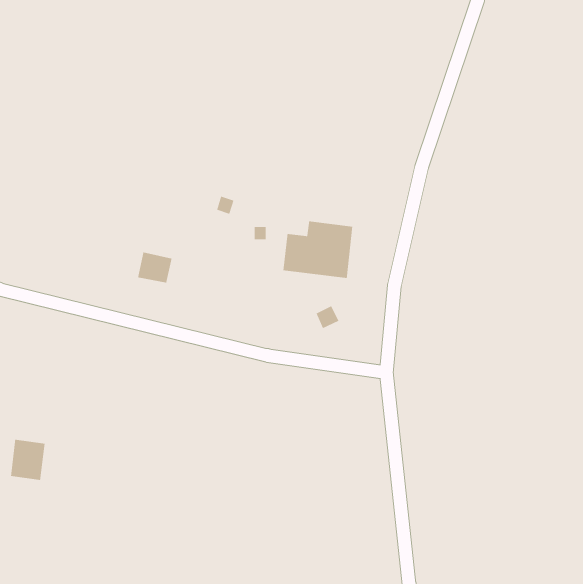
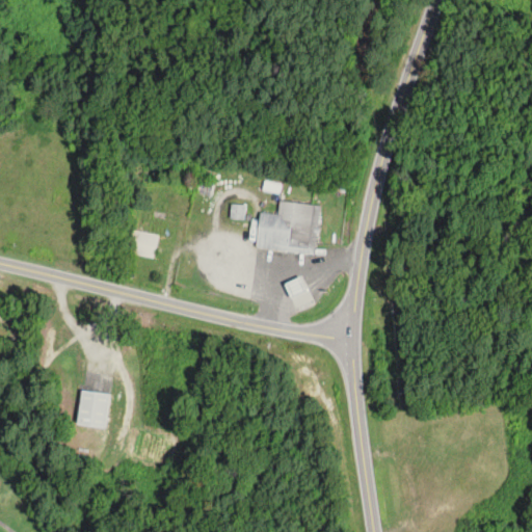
building: [10,439,46,481] -> [76,391,108,429]

